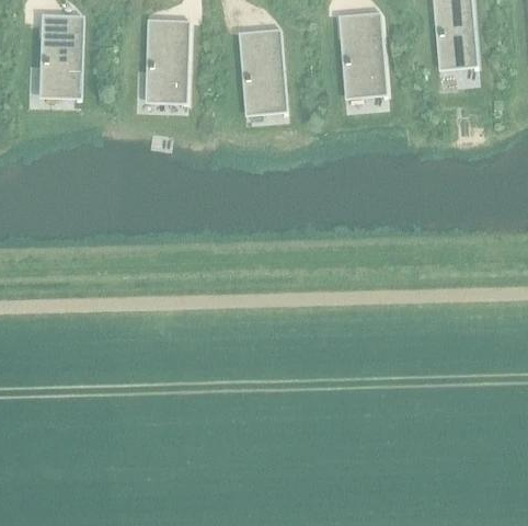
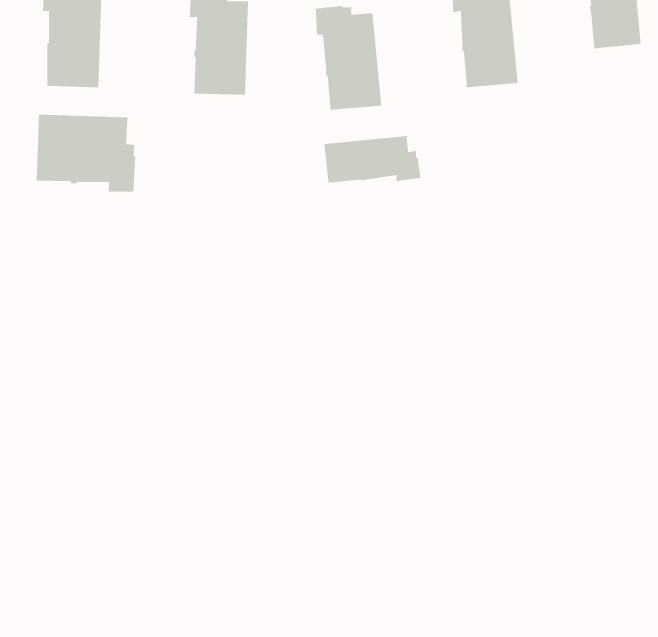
building: none -> [36,114,136,192]
building: none -> [324,135,421,184]

